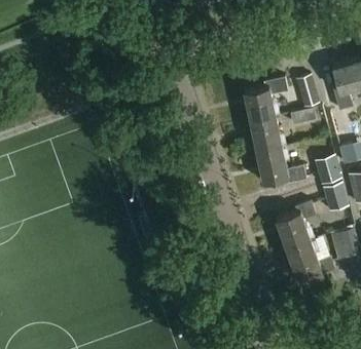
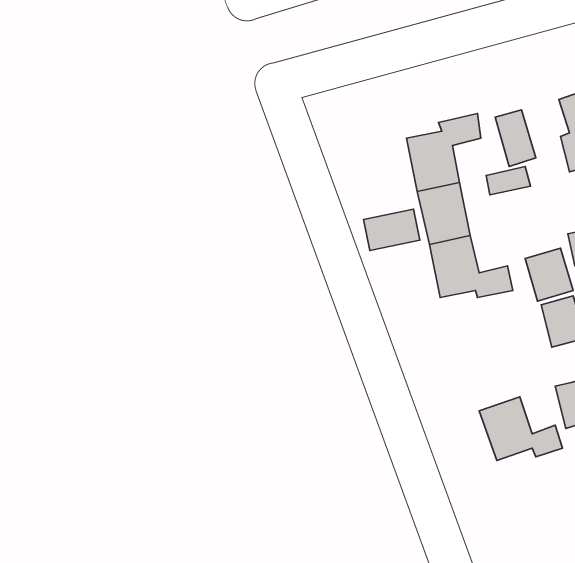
building: none -> [364,209,420,250]
building: [276,203,316,250] -> none

